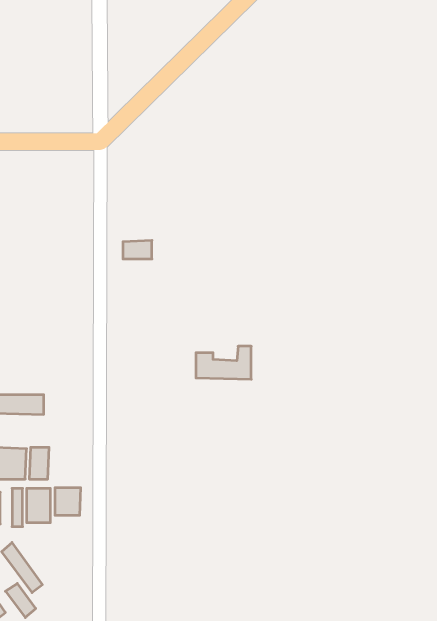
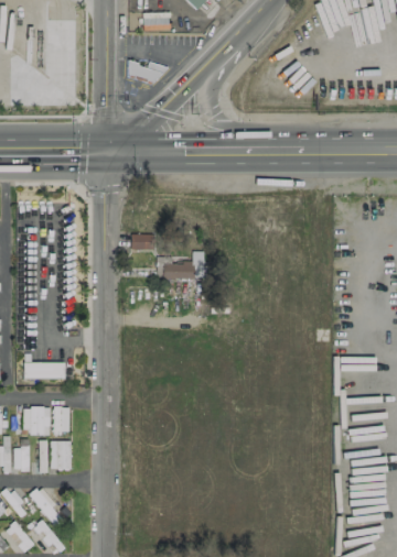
building: [196,346,251,379] -> [158,252,204,280]
building: [55,488,81,515] -> none

